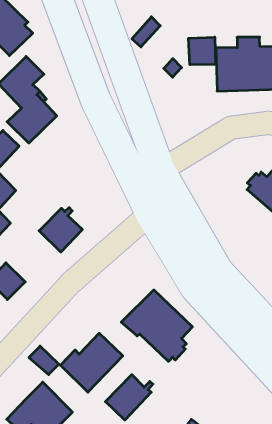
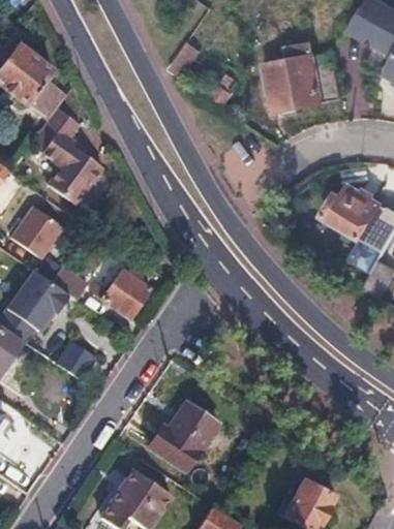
building: [189,37,216,65] -> none
building: [121,290,192,361] -> none
building: [105,375,153,420] -> none

